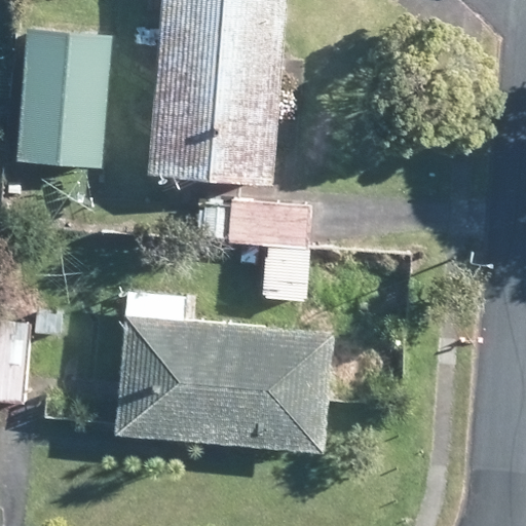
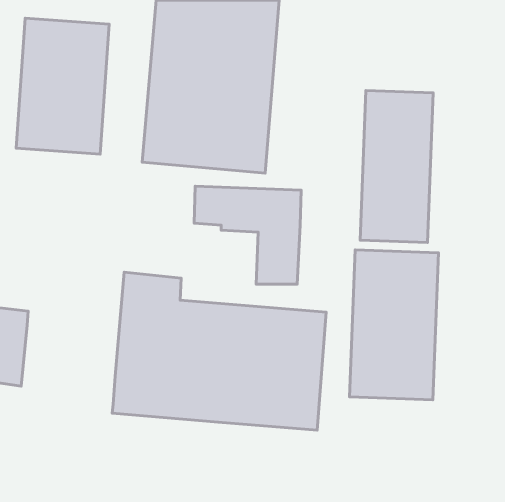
building: none -> [360,90,433,243]
building: none -> [350,250,438,400]

